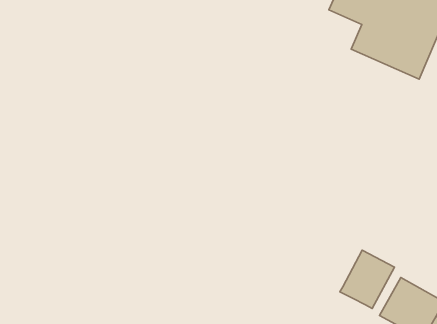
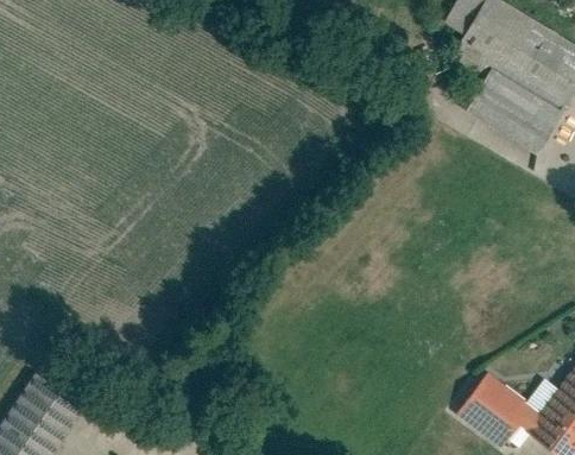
building: [340,250,395,309] -> none

